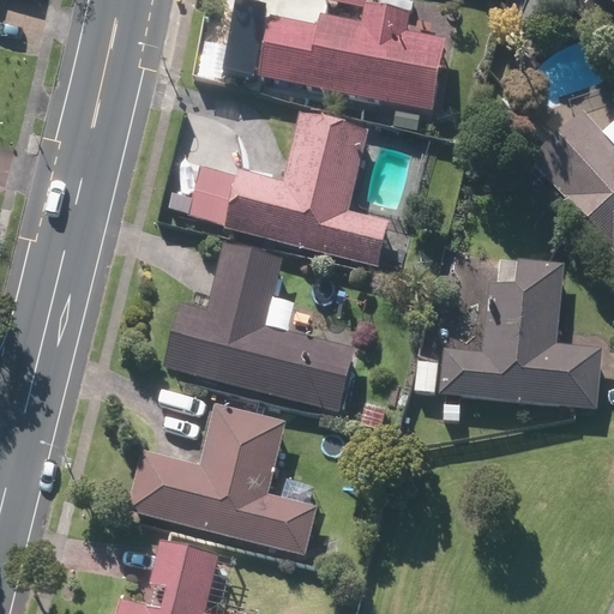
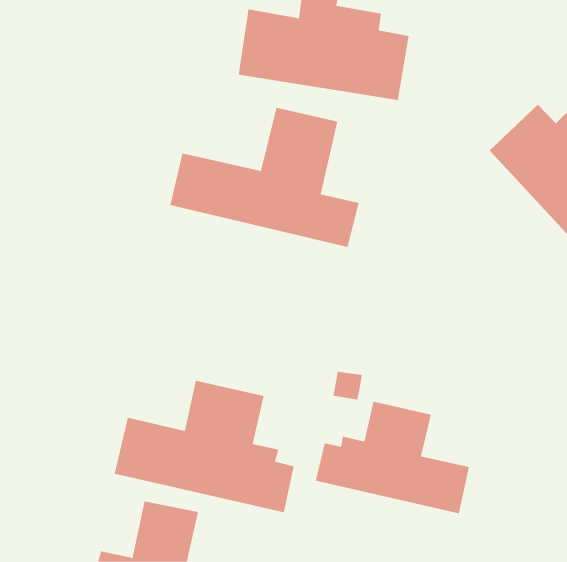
building: [163,247,355,411] -> none
building: [415,253,601,407] -> none
building: none -> [315,401,470,514]

